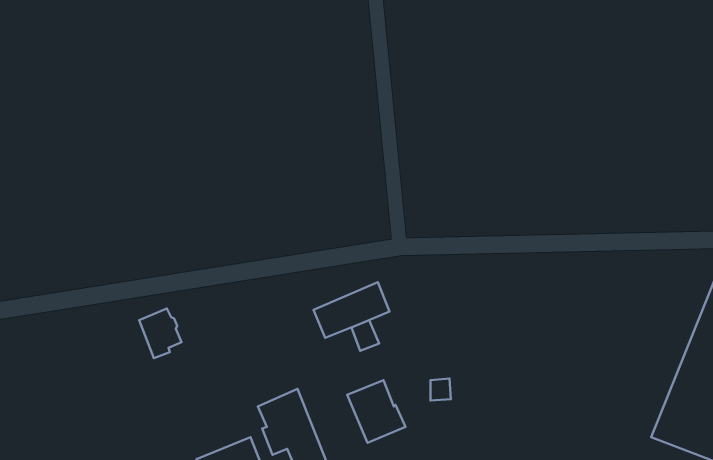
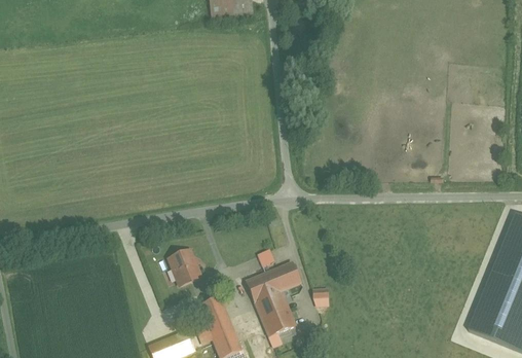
building: [314,282,390,338] -> [247,259,300,298]
building: [139,308,182,358] -> [170,247,199,282]

